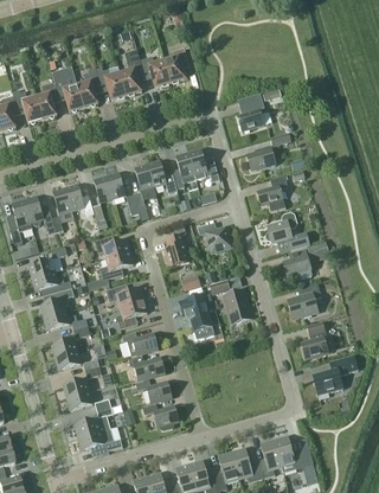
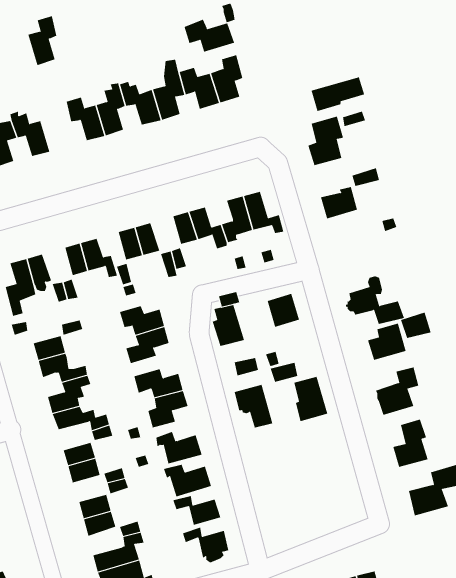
building: none -> [184,19,235,53]
building: none -> [311,77,365,112]
building: [36,82,58,120] -> [27,16,57,66]
building: [257,175,288,211] -> none

